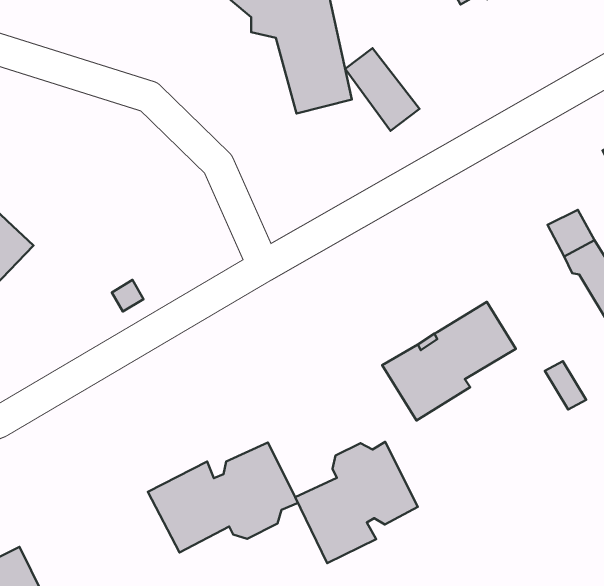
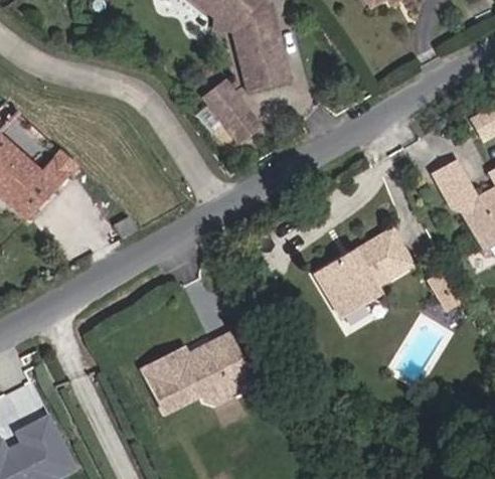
building: [345,48,420,131] -> [206,85,261,145]
building: none -> [38,148,78,188]
building: [295,442,418,563] -> none

